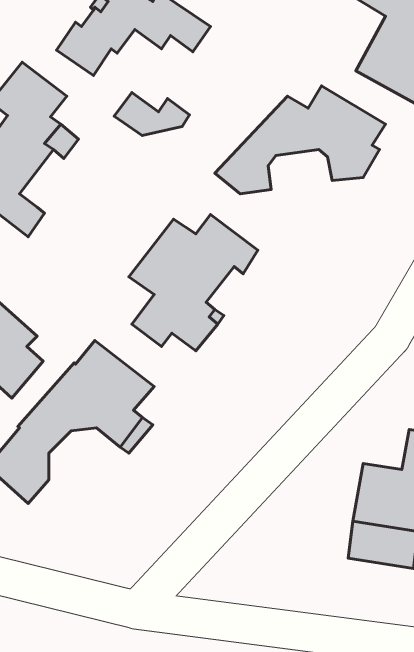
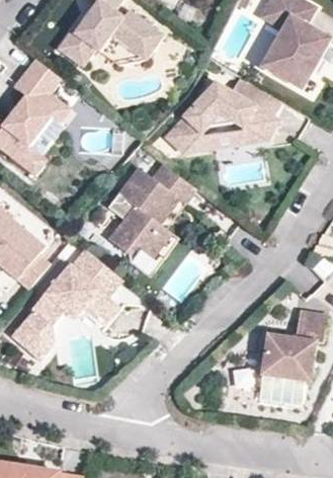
building: [114,92,190,135] -> [99,36,151,66]
building: none -> [202,118,246,146]

